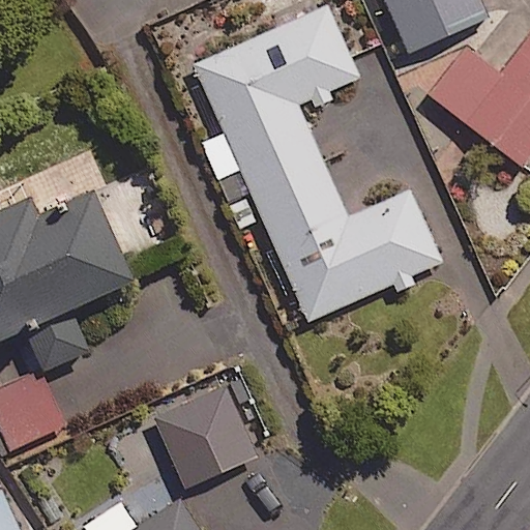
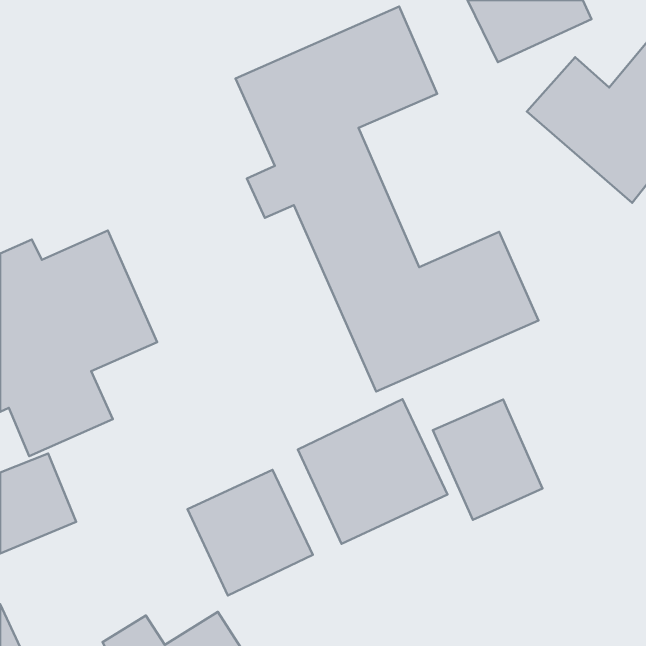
building: none -> [298,399,447,544]
building: none -> [433,399,542,520]

